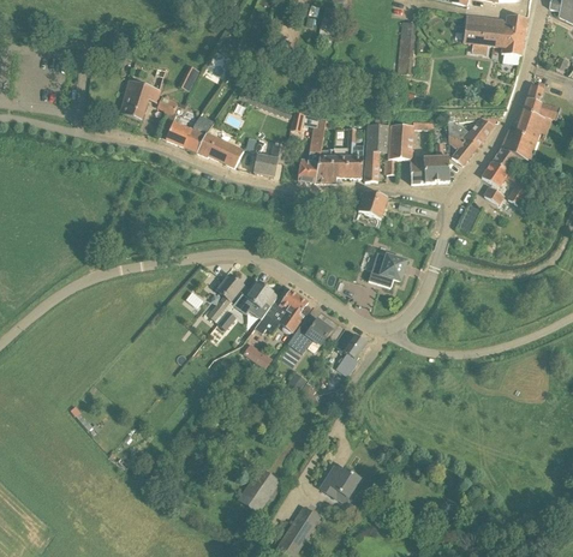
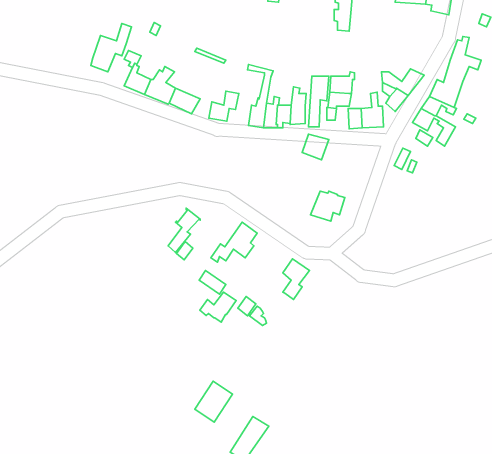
building: [233,281,277,318] -> none
building: [291,318,332,352] -> [200,292,236,322]
building: [321,467,359,505] -> none

